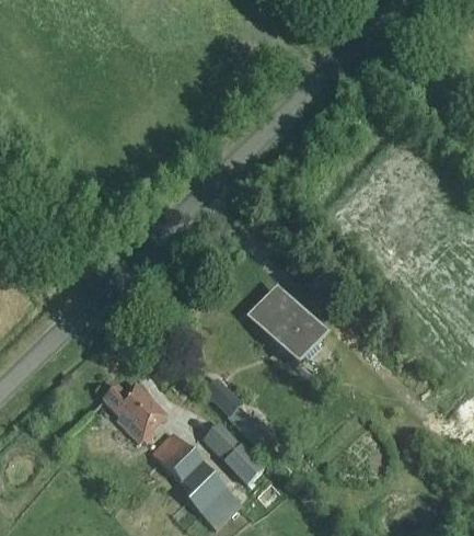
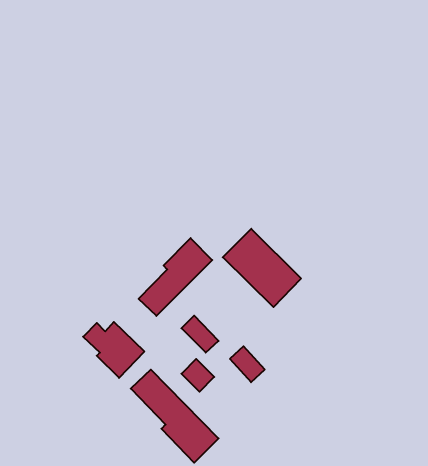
building: none -> [139,238,212,316]
building: [226,446,262,483] -> [230,346,265,382]

